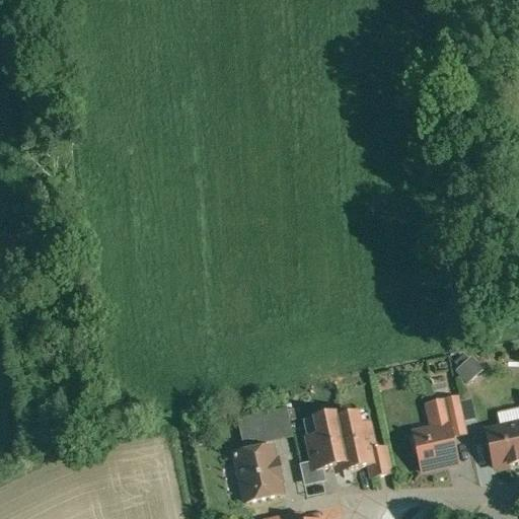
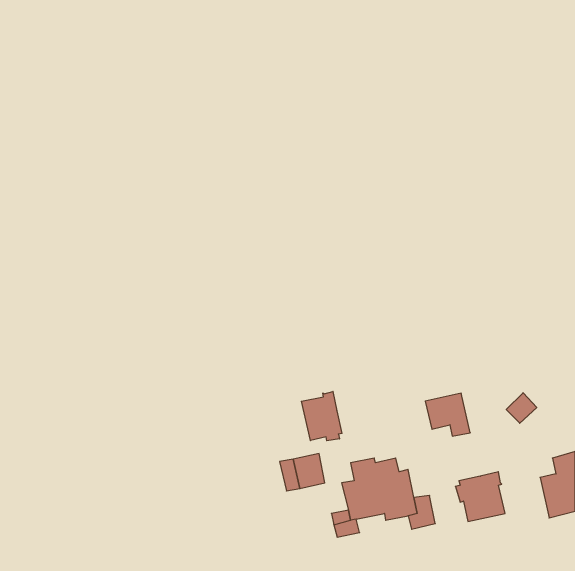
building: none -> [301,391,342,441]
building: [426,395,466,434] -> [425,393,470,436]
building: [234,445,280,500] -> none

